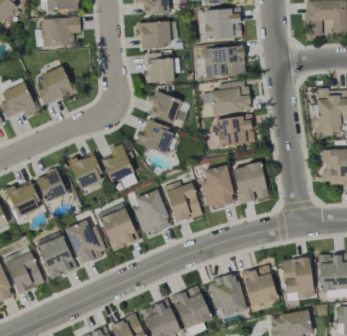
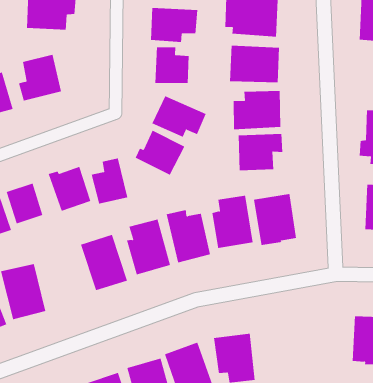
building: [65,219,107,264] -> none
building: [282,257,314,299] -> none
building: [242,265,277,306] -> none

